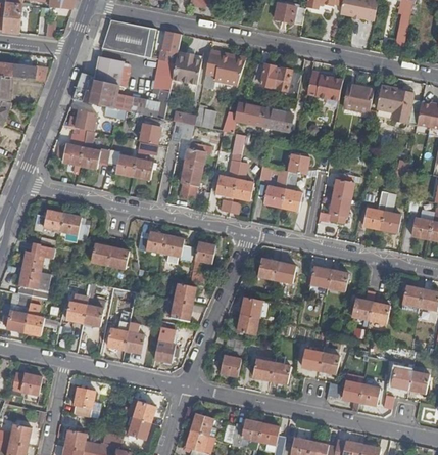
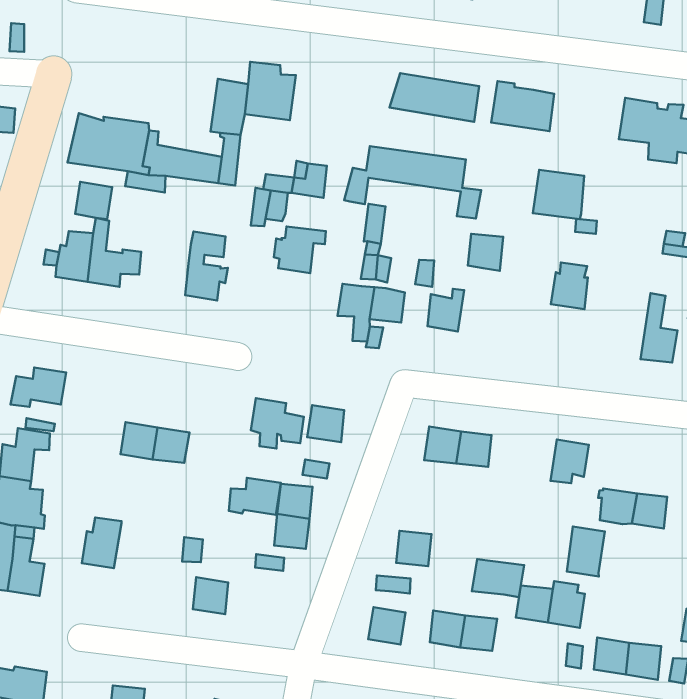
building: [104,19,154,56] -> none
building: [158,31,181,62] -> none
building: [201,50,244,97] -> none
building: [94,54,123,80] -> none
building: [343,84,373,112] -> [533,170,584,219]
building: [139,119,160,144] -> none
building: [107,150,135,176] -> none
building: [179,165,201,200] -> none
building: [280,171,301,211] -> none
building: [361,191,387,229] -> none
building: [329,195,350,223] -> none
building: [59,214,88,240] -> none
building: [137,231,166,253] -> [229,478,281,515]
building: [307,266,330,294] -> [567,526,605,577]
building: [240,297,270,319] -> [472,559,524,597]
building: [82,298,104,326] -> none
building: [106,324,128,349] -> none
building: [153,340,178,362] -> none

